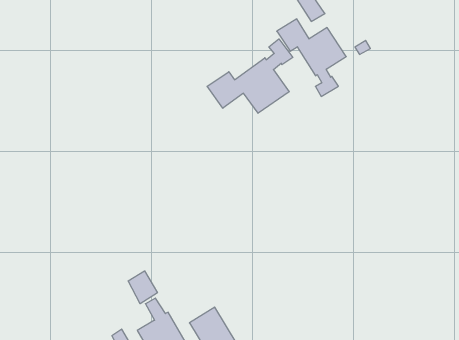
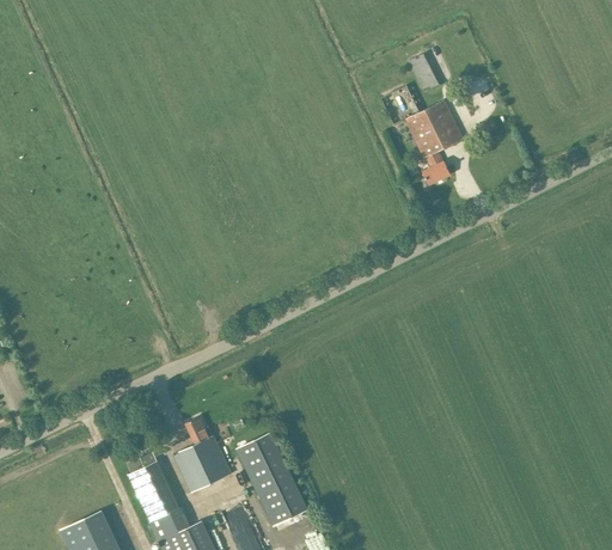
building: [207,39,293,113] -> none
building: [128,271,157,304] -> none

